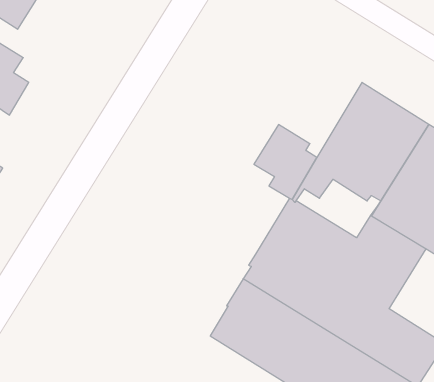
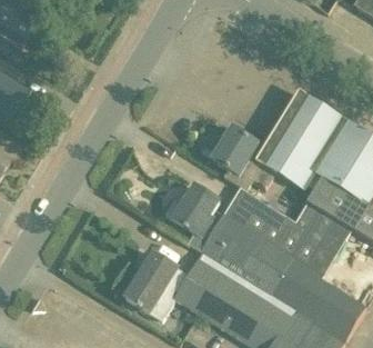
building: none -> [171,186,216,241]
building: none -> [123,252,189,320]

